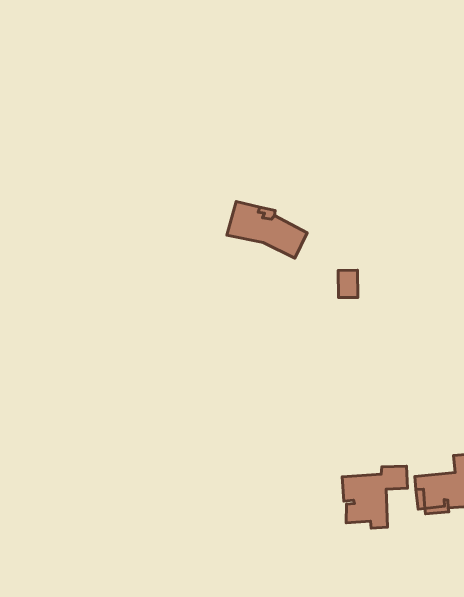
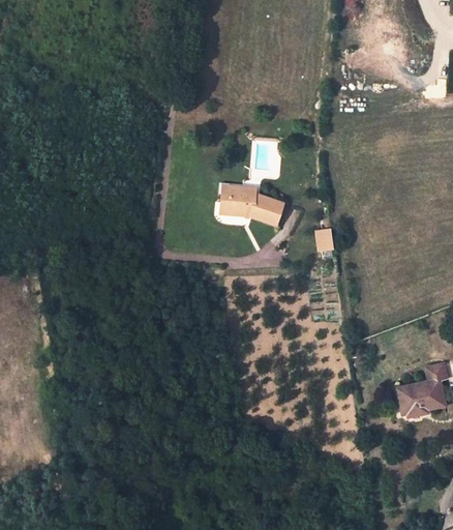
building: [342,466,408,528] -> none

